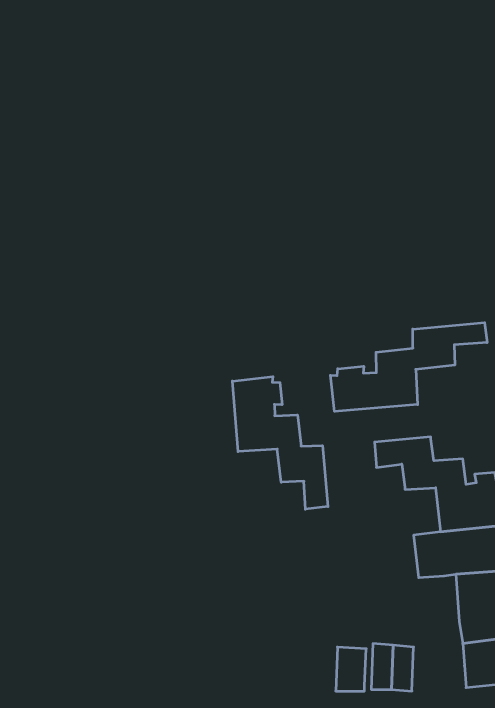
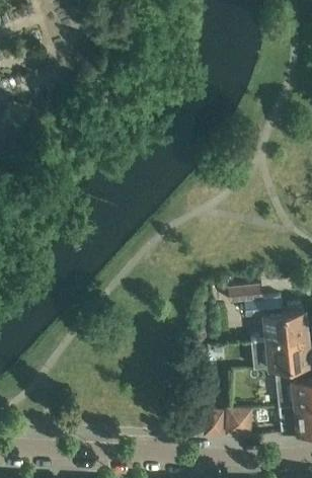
building: [330,323,487,411] -> none
building: [232,377,328,509] -> none

